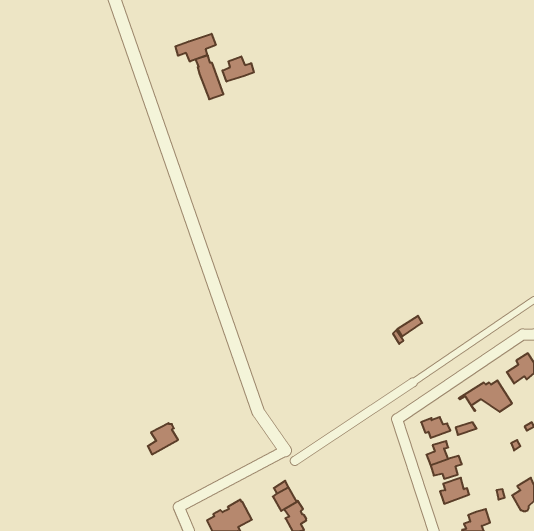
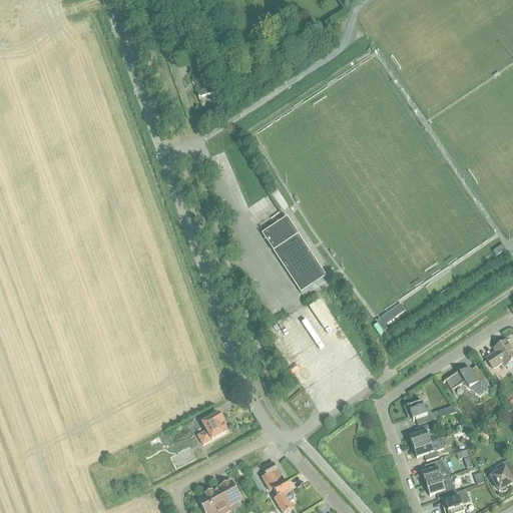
building: [175,34,216,62] -> none
building: [222,56,254,82] -> none
building: none -> [262,215,326,291]
building: [148,423,178,454] -> [198,413,227,443]
building: none -> [426,474,456,497]

